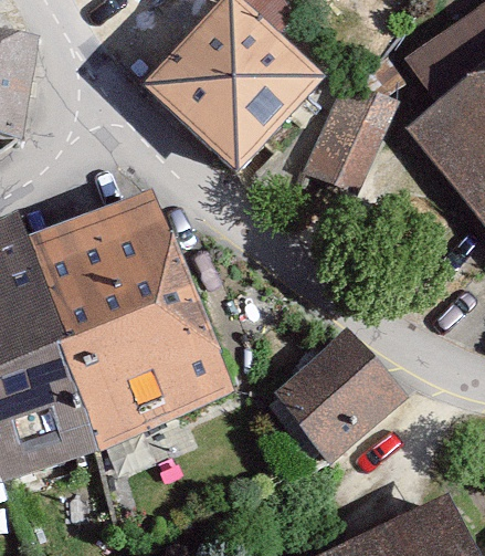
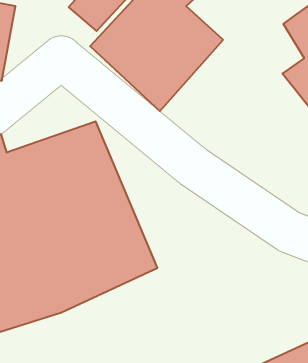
building: [306,76,400,190] -> none
building: [272,329,410,465] -> none

